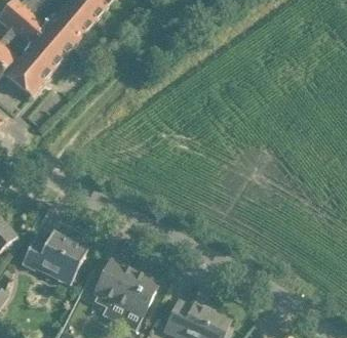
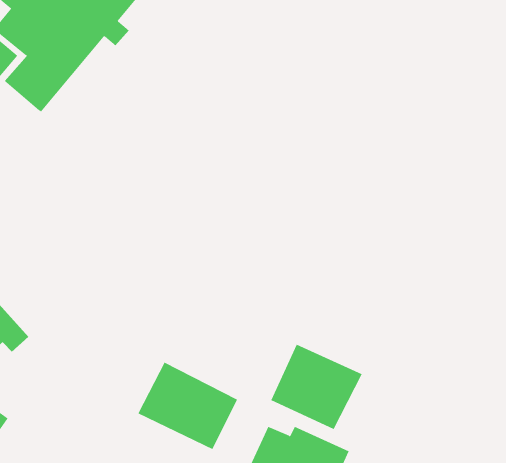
building: [22,230,88,284] -> none
building: none -> [271,344,362,430]

